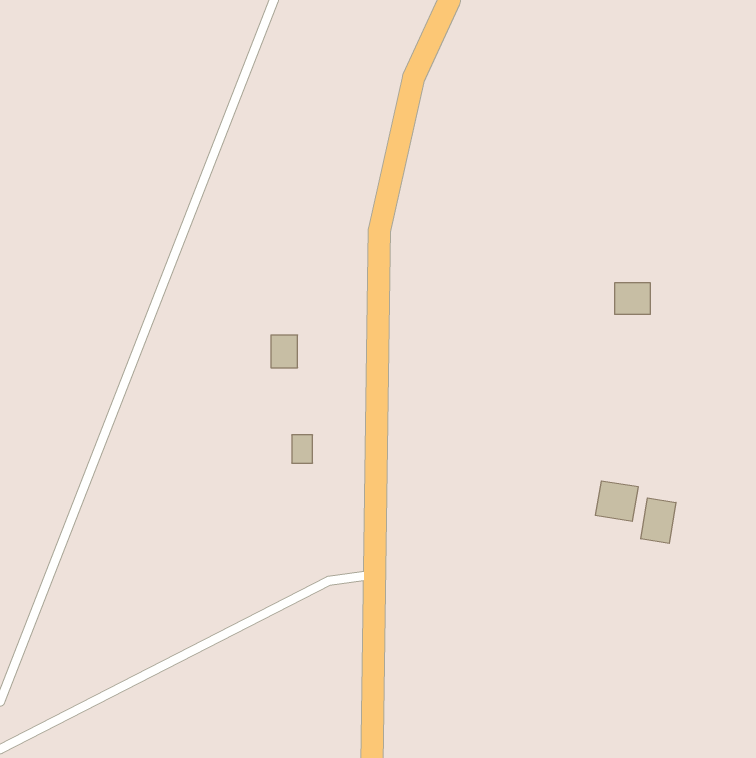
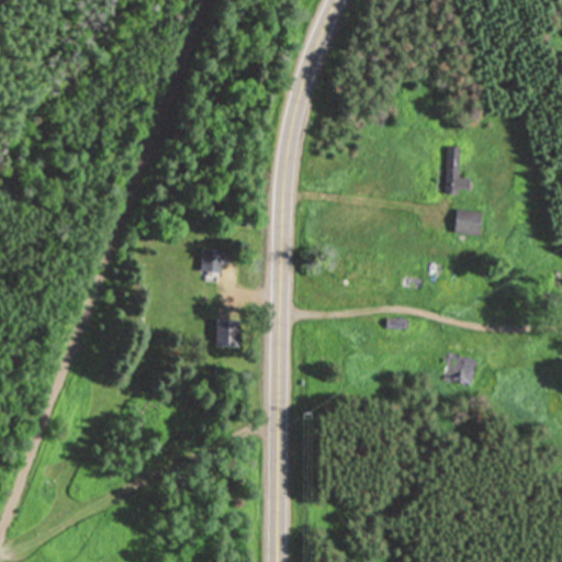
building: none -> [447,147,472,192]
building: [641,498,676,543] -> none

